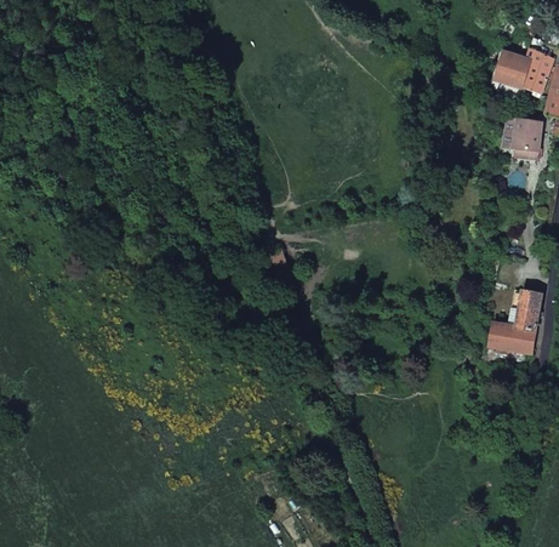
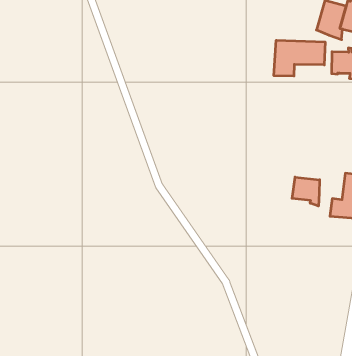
building: none -> [274,40,325,76]
building: none -> [292,177,320,206]

